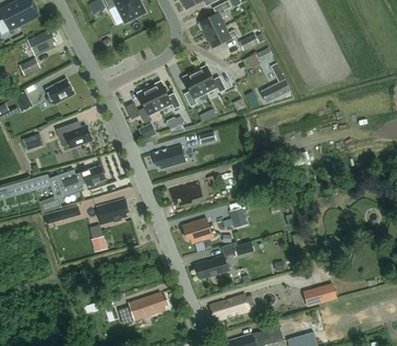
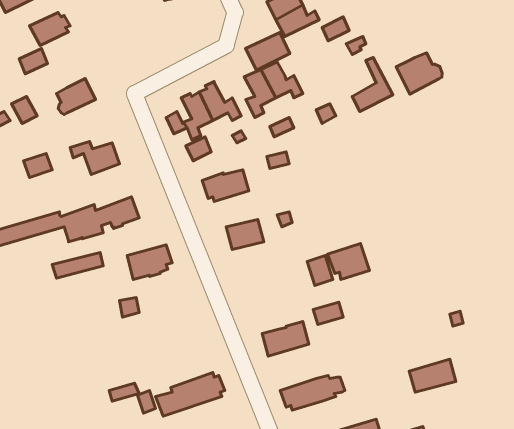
building: none -> [246,33,290,70]
building: none -> [396,53,442,94]
building: [182,217,213,243] -> [327,244,369,280]

